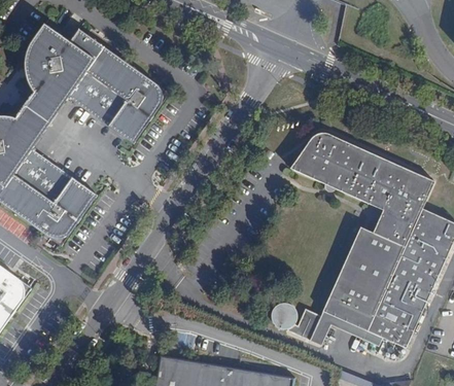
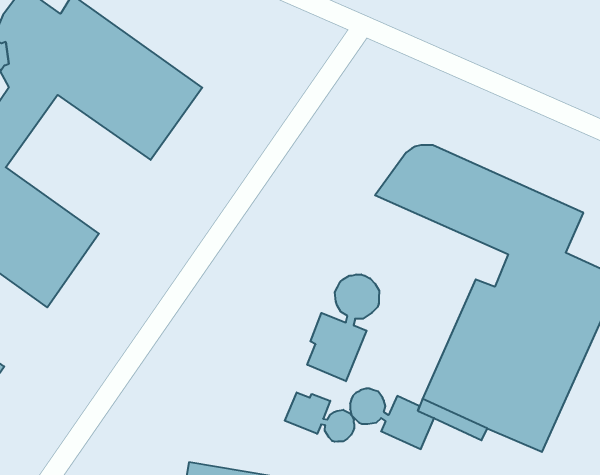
building: none -> [307,274,379,381]
building: none -> [285,392,354,442]

